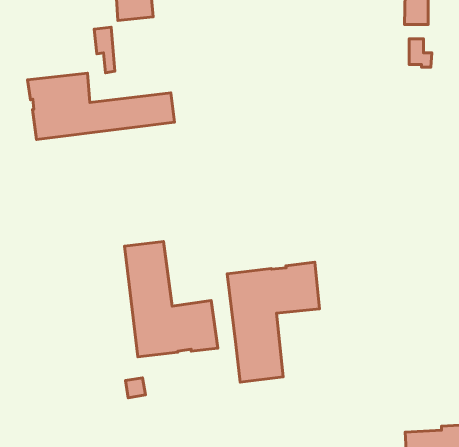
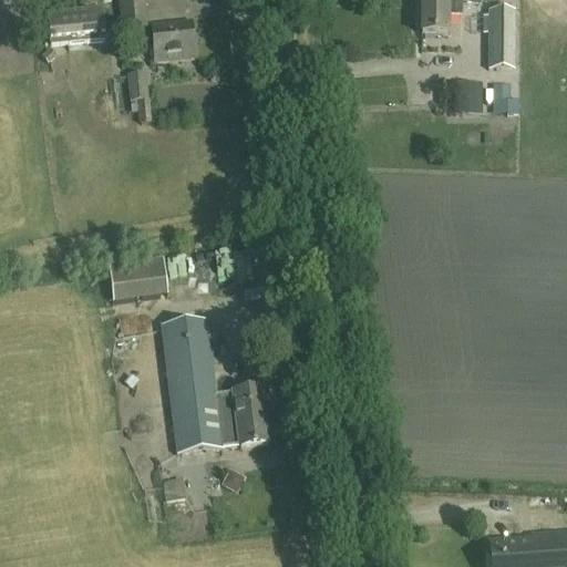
building: [28,73,175,140] -> none
building: none -> [109,261,167,303]
building: [227,262,320,382] -> none

